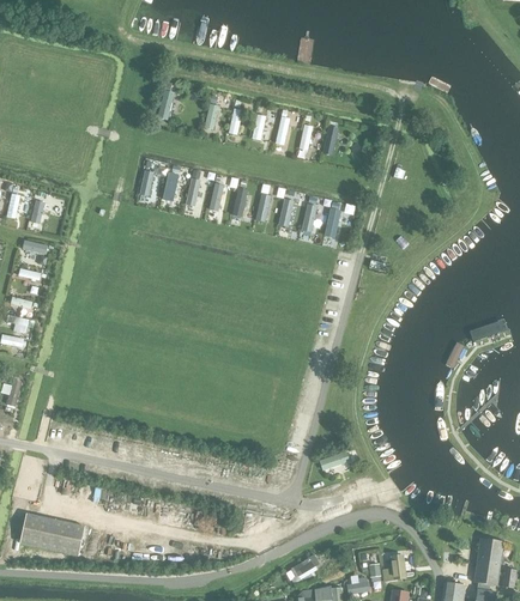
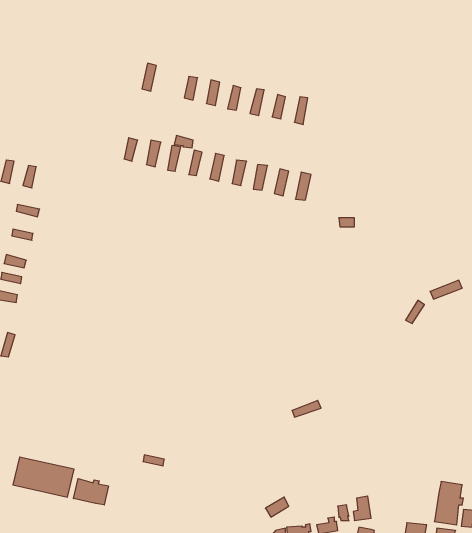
building: none -> [73,479,108,505]

